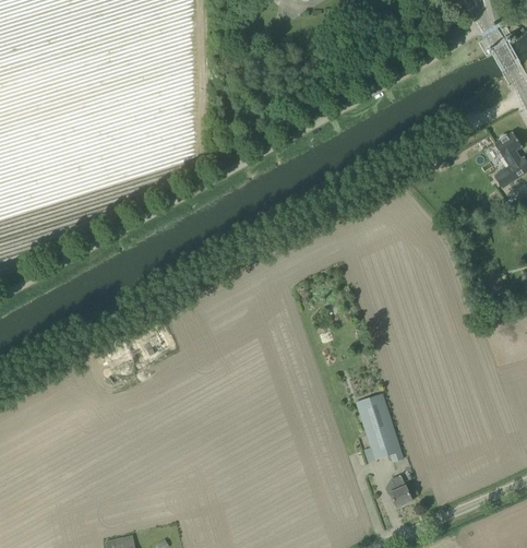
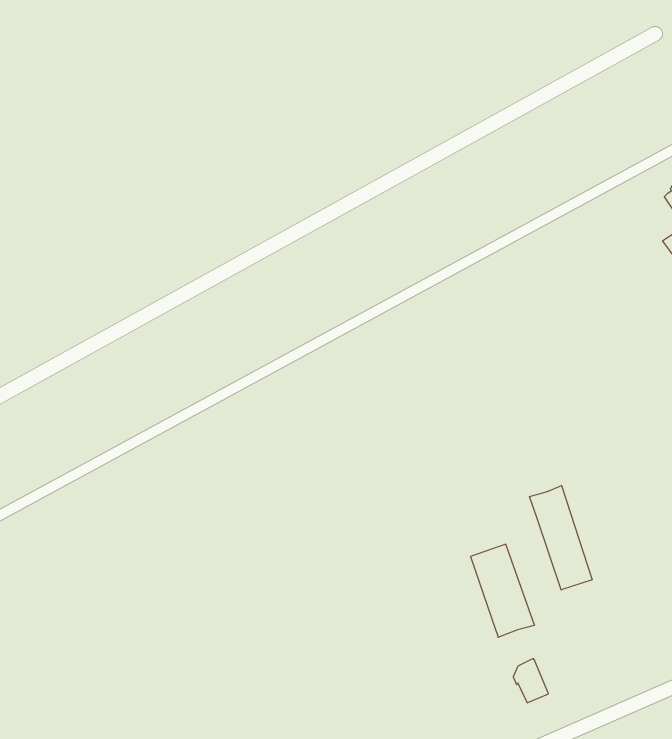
building: none -> [529,485,592,590]

